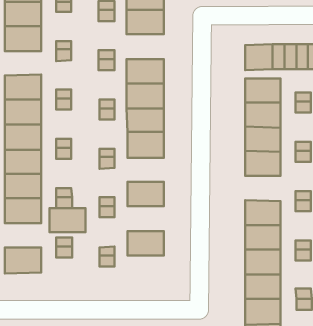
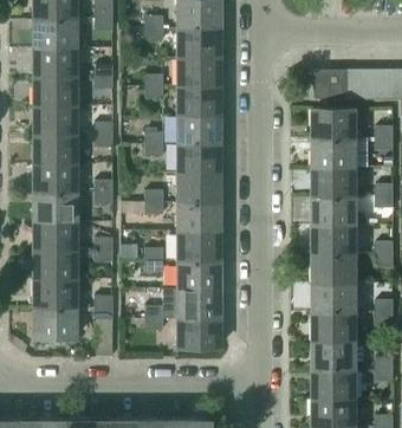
building: none -> [176,57,220,86]
building: none -> [33,77,76,105]
building: none -> [177,202,220,231]
building: none -> [316,223,357,253]
building: none -> [177,259,220,288]
building: [49,208,86,232] -> [33,279,76,307]
building: none -> [177,317,220,348]

